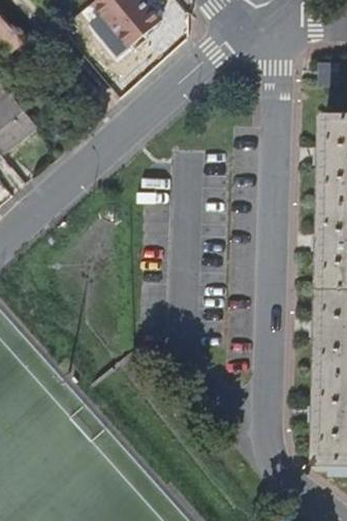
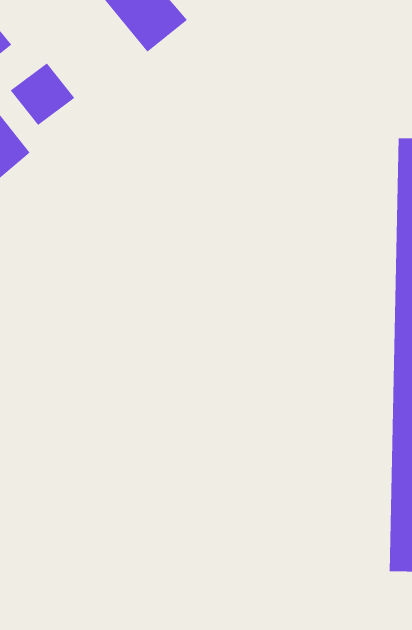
building: none -> [10,63,75,126]

